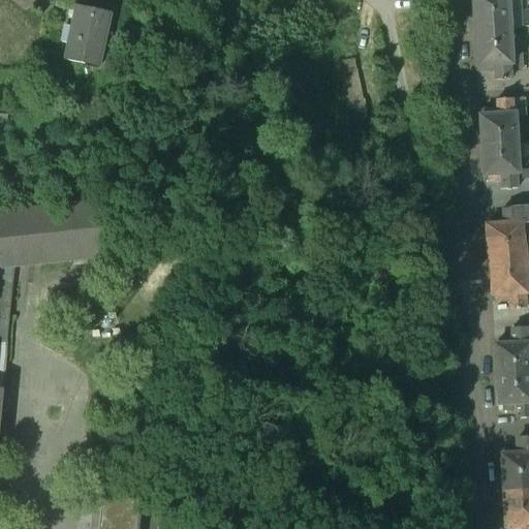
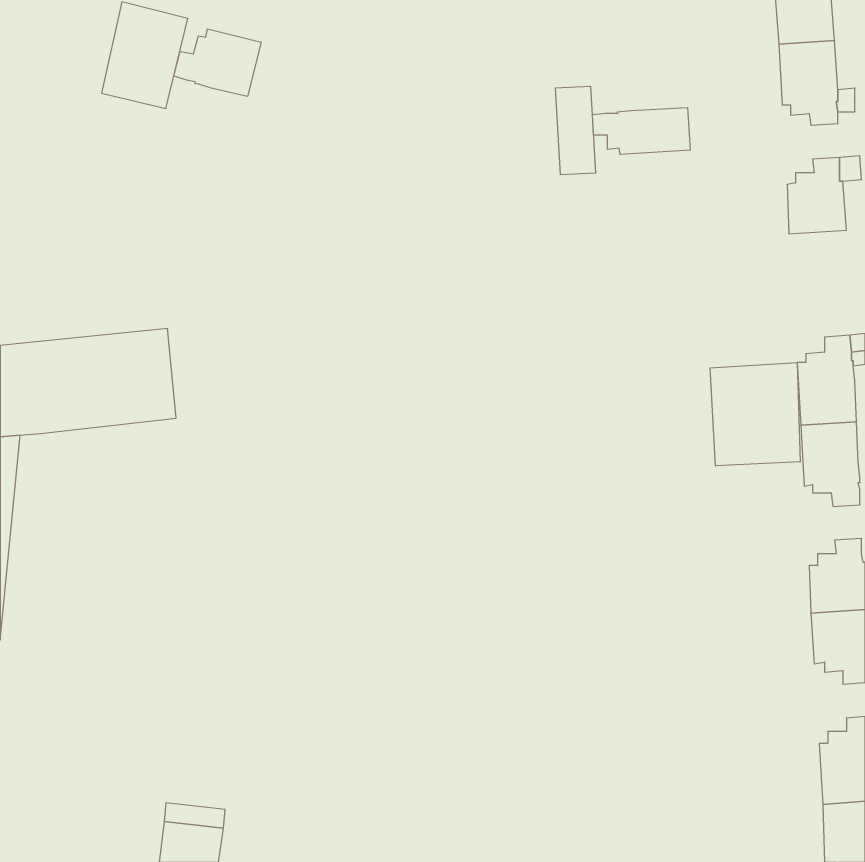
building: none -> [174,29,261,96]
building: none -> [592,108,690,155]
building: [481,141,519,185] -> none
building: none -> [710,362,800,466]

